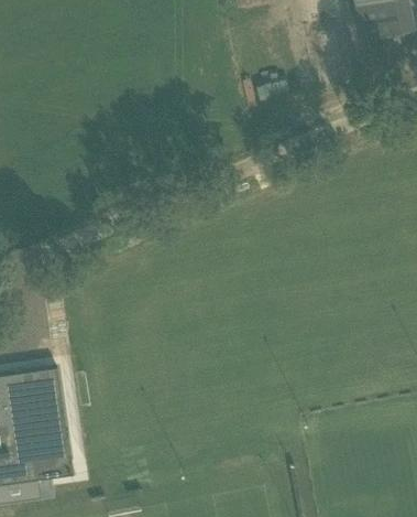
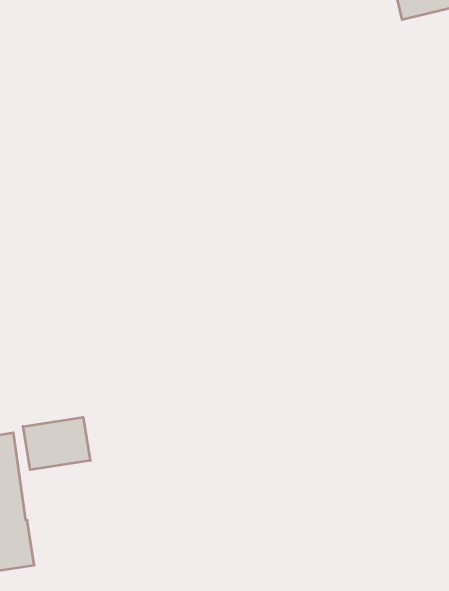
building: none -> [23,417,90,470]

